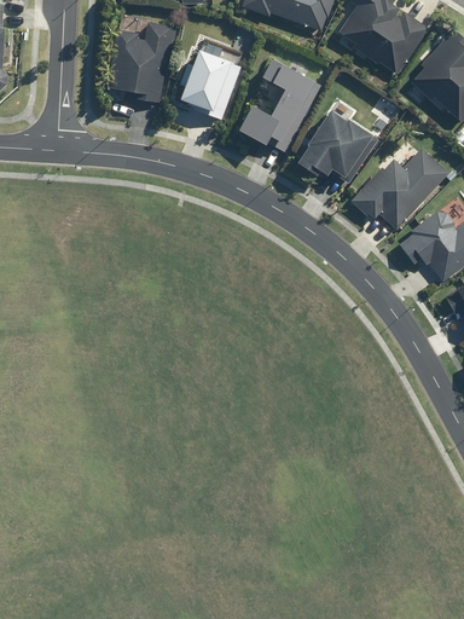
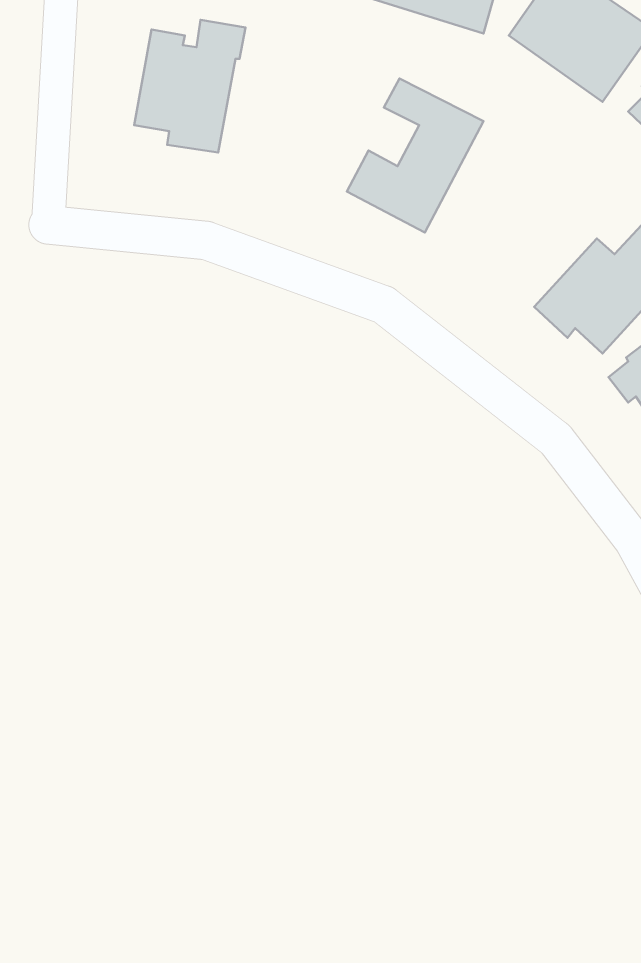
building: [179,48,240,117] -> none
building: [295,106,378,181] -> none

